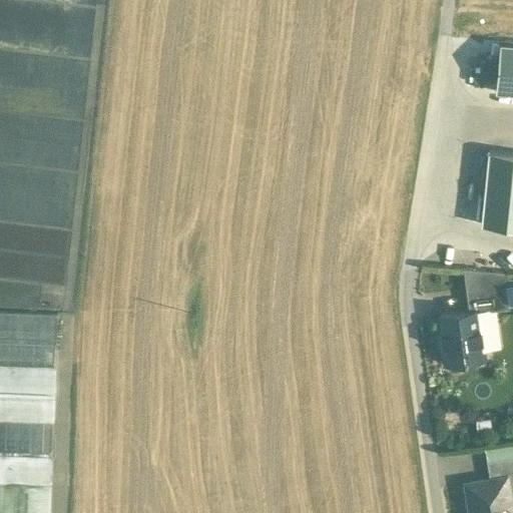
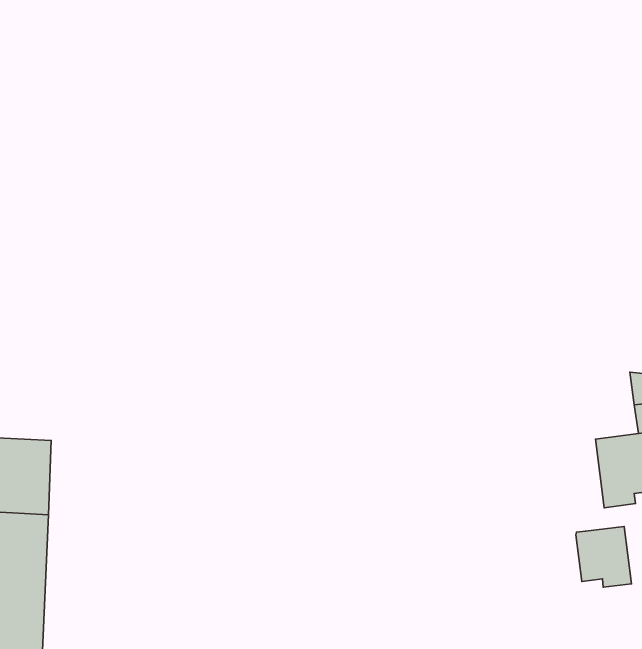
building: none -> [576,526,632,587]

